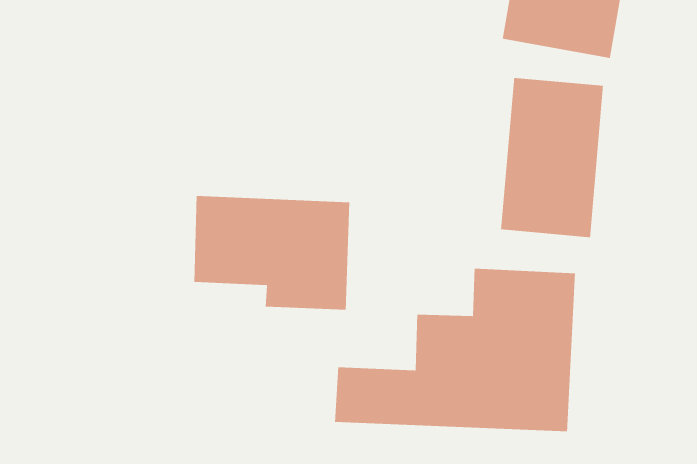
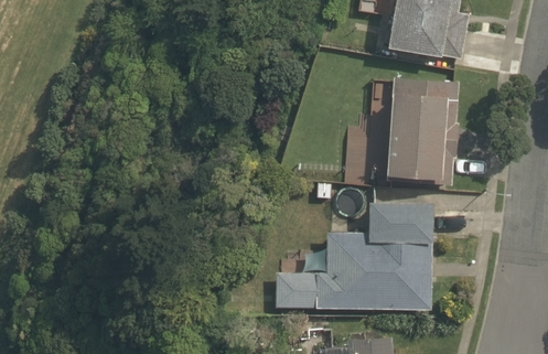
building: [193,195,350,311] -> none

